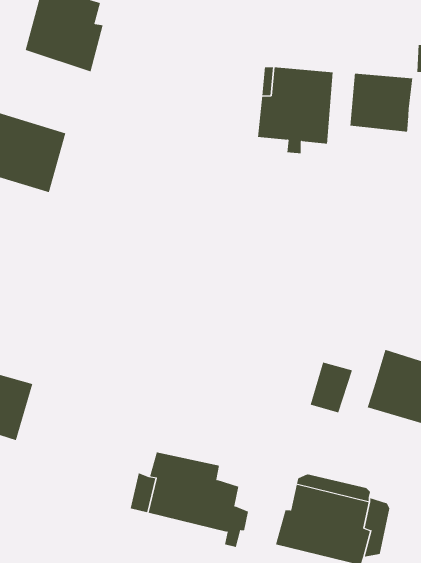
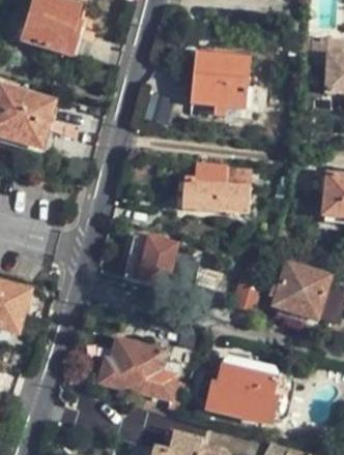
building: [350,73,413,133] -> none
building: none -> [184,161,251,212]
building: none -> [123,236,175,287]

